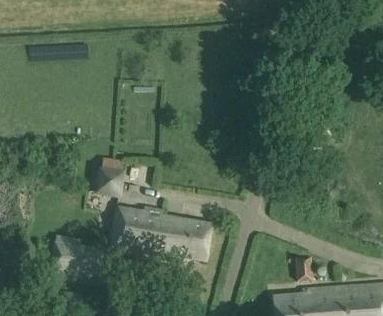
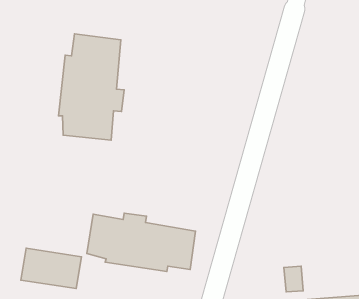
building: none -> [58,34,124,140]
building: [89,155,124,196] -> none

